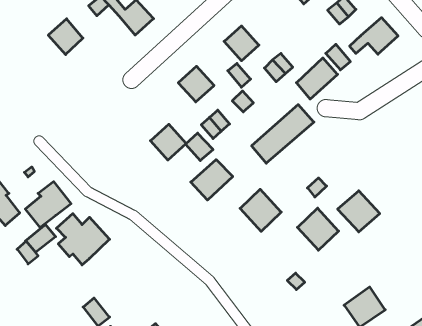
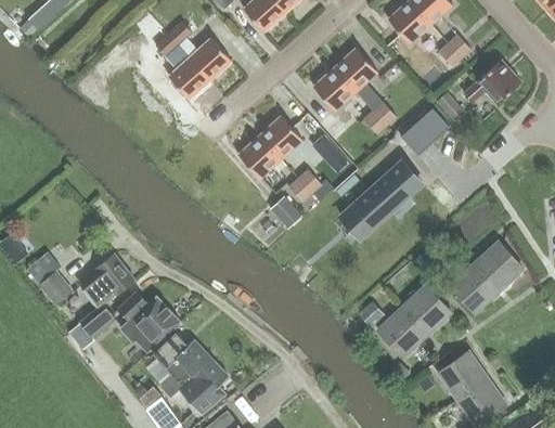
building: none -> [335,49,377,91]
building: [48,19,83,55] -> [168,56,209,99]
building: [150,124,186,160] -> [238,135,281,178]
building: [191,160,233,200] -> none
building: none -> [474,241,522,290]
building: [240,189,281,231] -> [377,307,426,356]
building: none -> [153,333,227,412]
building: none -> [438,350,487,399]

